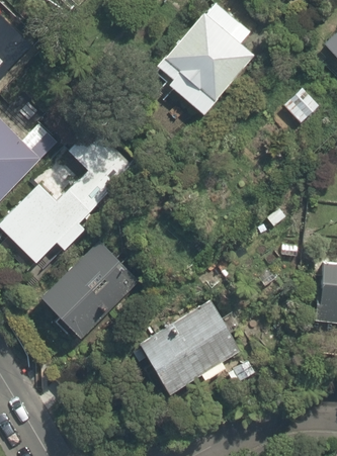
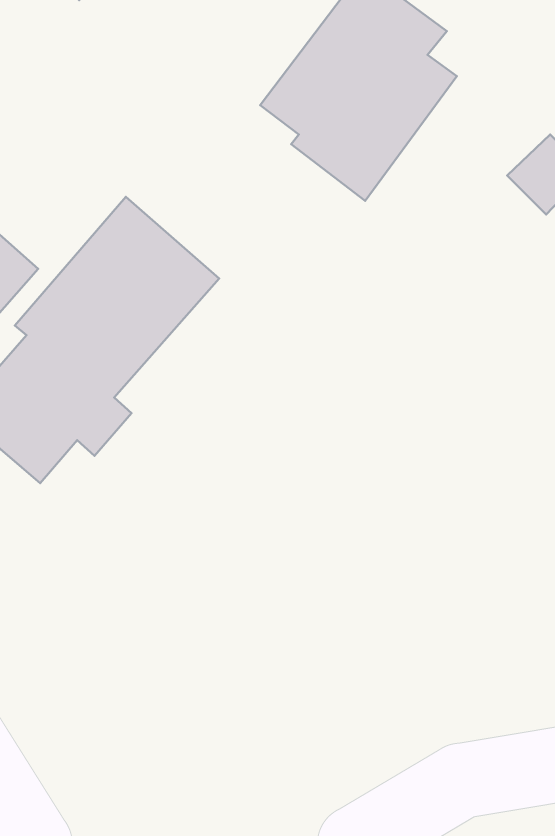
building: [45,232,147,340] -> none
building: [149,299,248,395] -> none

